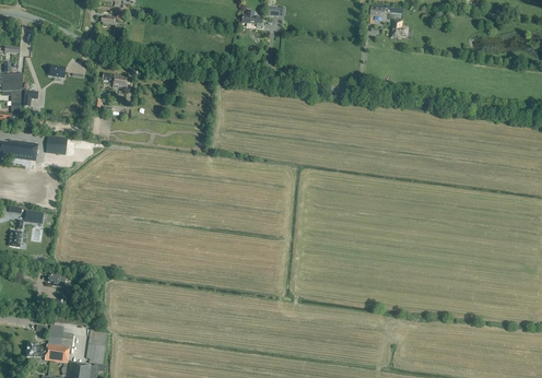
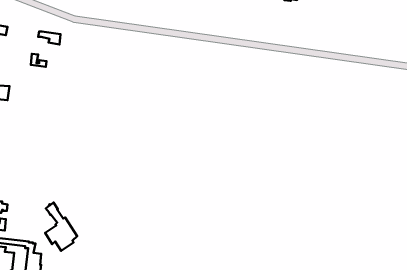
building: none -> [45,203,77,251]

